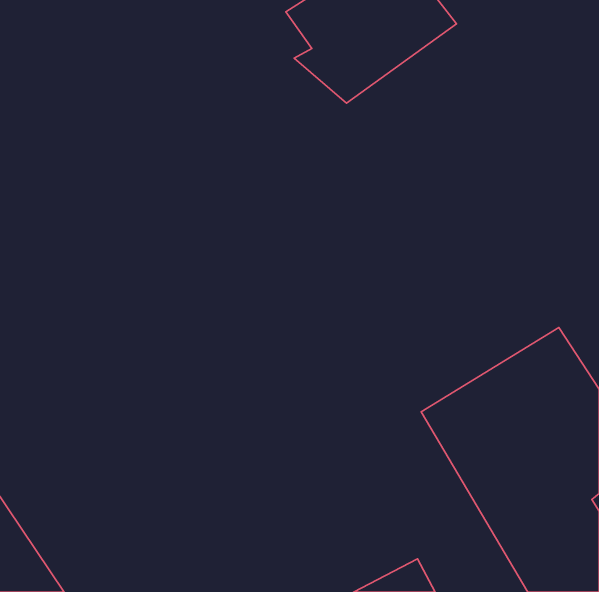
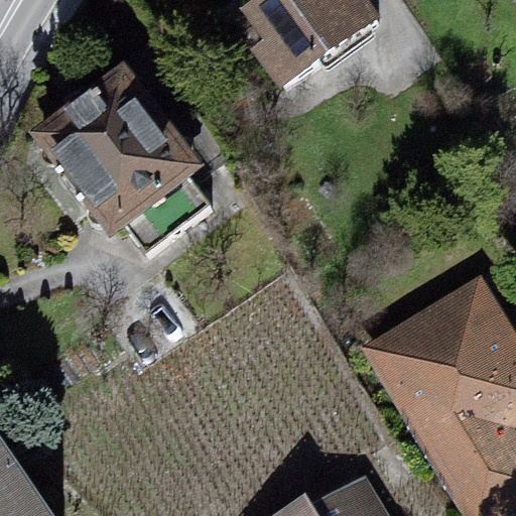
building: none -> [64,54,211,239]

